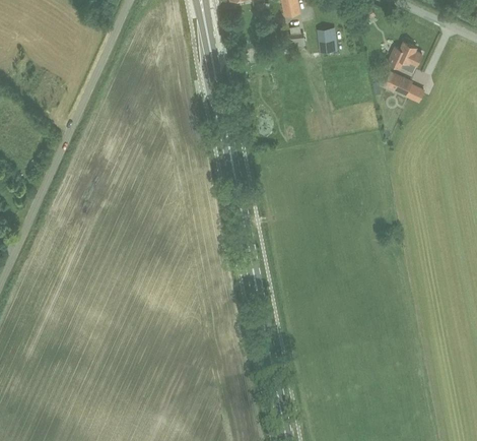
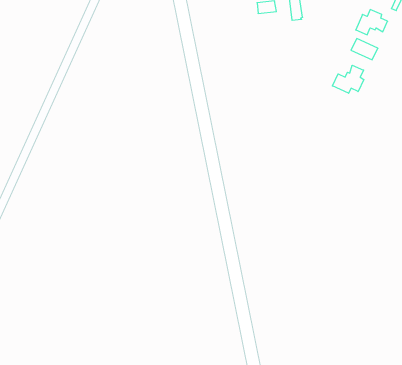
building: none -> [332,65,364,93]

